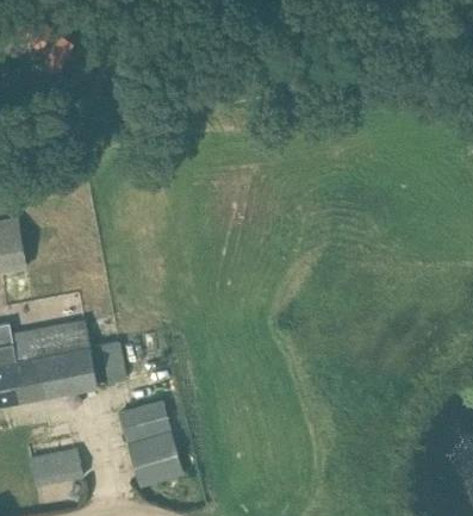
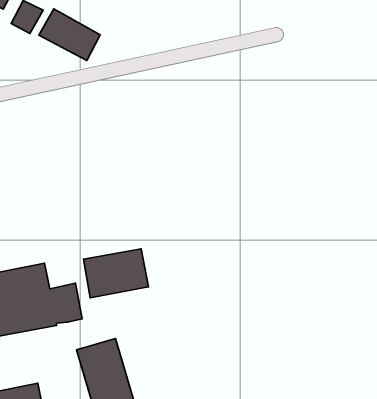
building: none -> [39,9,100,60]
building: none -> [84,249,148,298]

